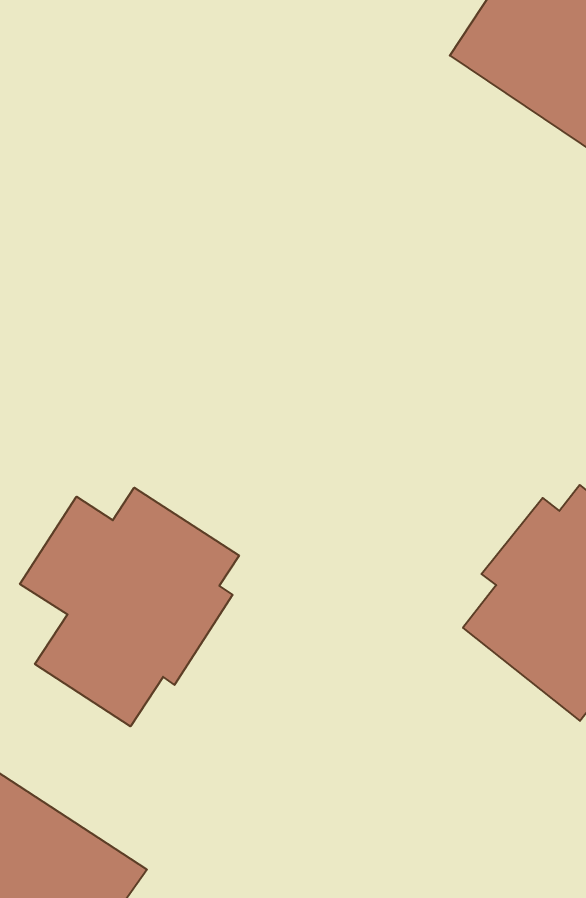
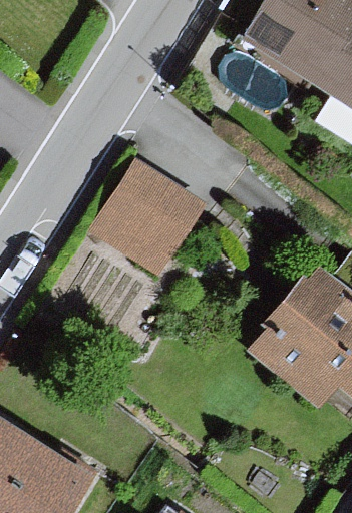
building: none -> [94,164,206,268]
building: [20,488,239,726] -> none

